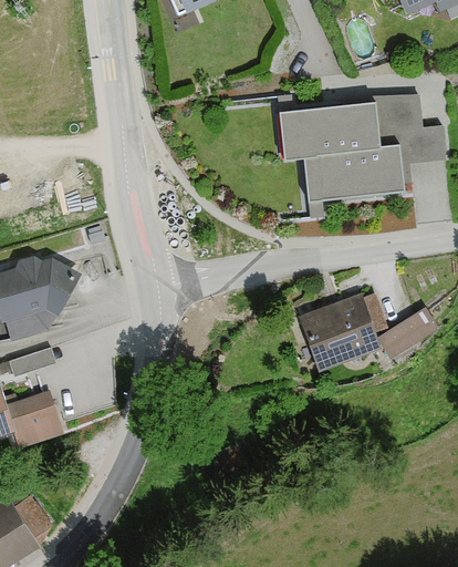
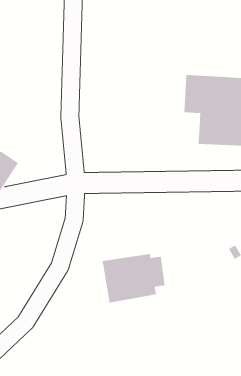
building: [294,291,386,368] -> [102,253,166,303]

